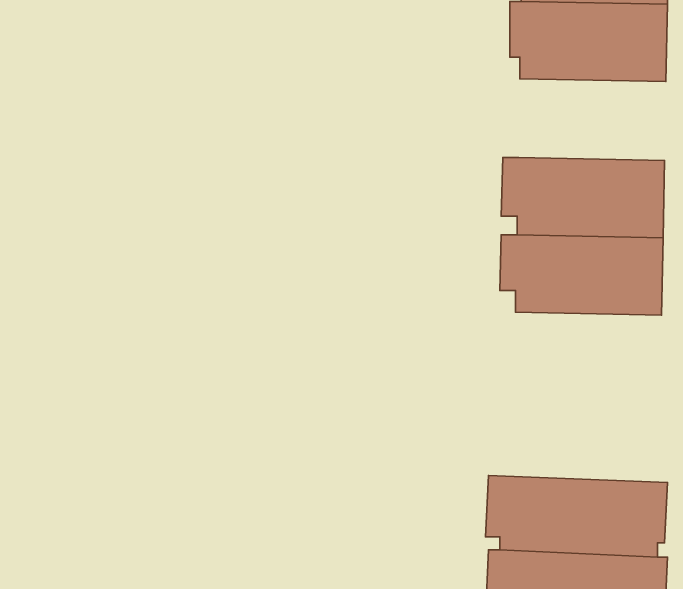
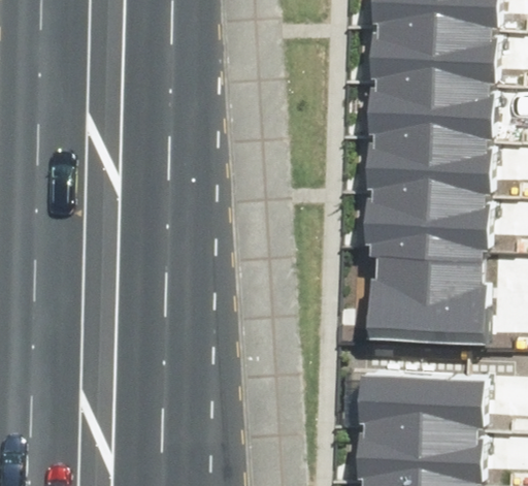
building: none -> [373,89,488,148]
building: none -> [371,257,490,336]

